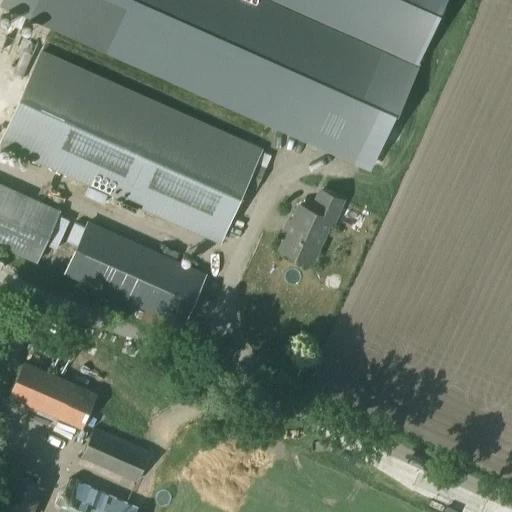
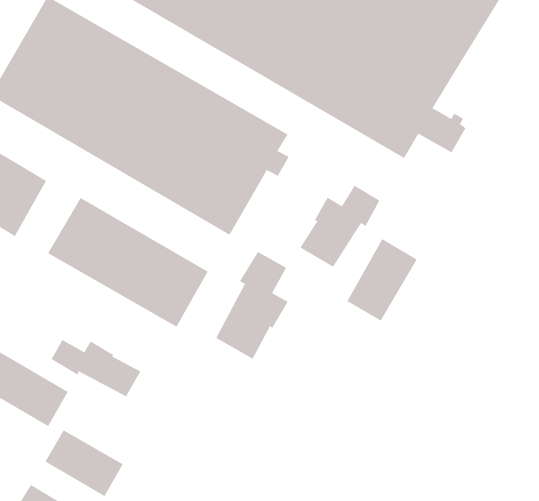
building: none -> [346,238,418,321]
building: none -> [216,251,289,360]
building: none -> [51,339,141,397]

